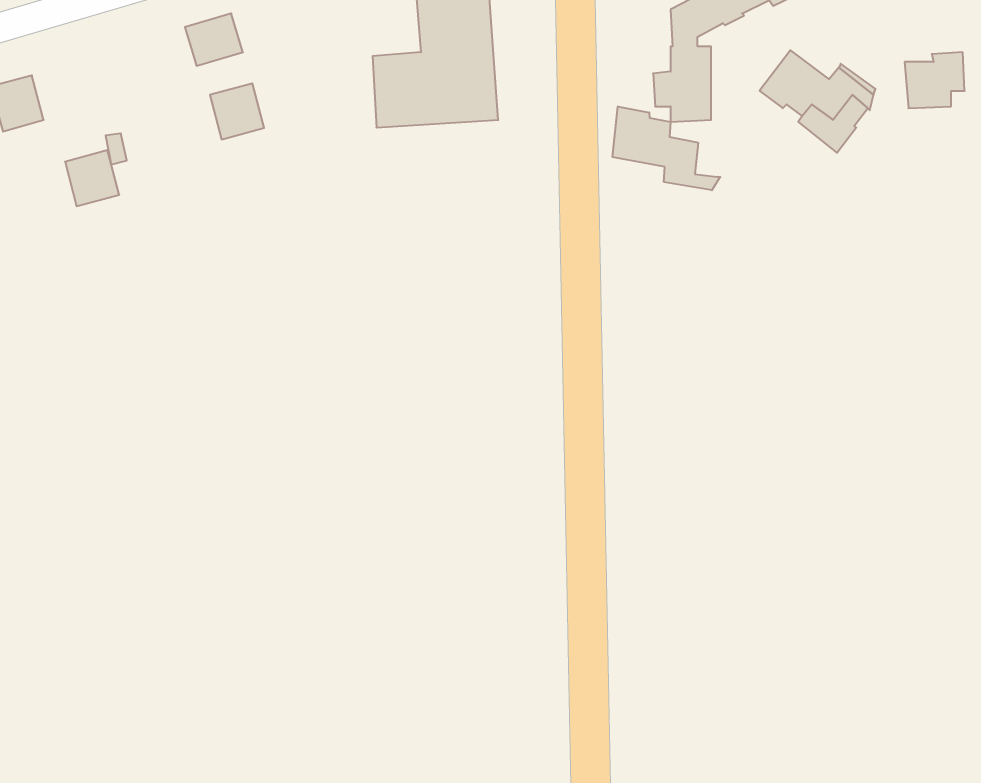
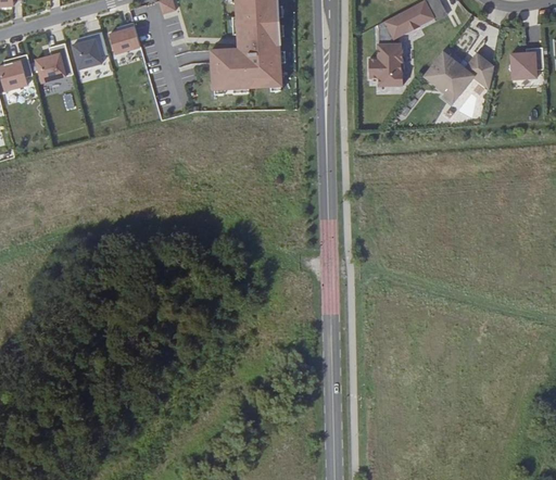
building: [210,83,264,139] -> [72,38,102,70]
building: [612,106,720,190] -> none
building: [65,150,119,206] -> [34,50,64,81]

